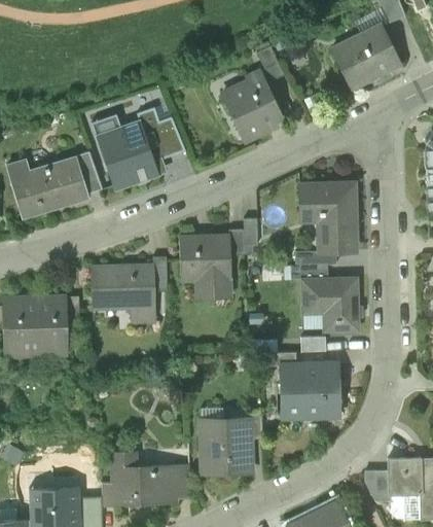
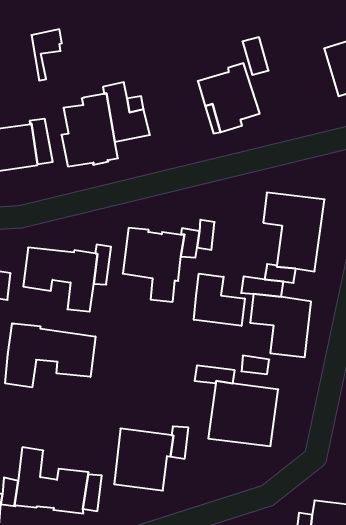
building: [92,113,120,163] -> [31,29,62,80]
building: none -> [194,274,245,326]
building: none -> [5,323,95,387]

